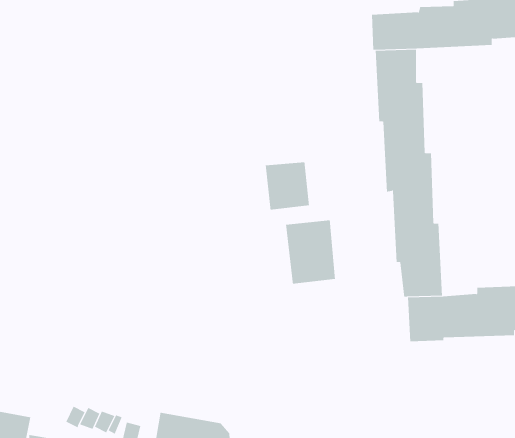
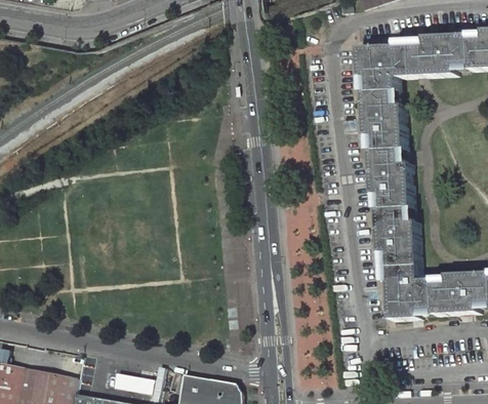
building: [265,162,310,211] -> none
building: [286,219,336,284] -> none

